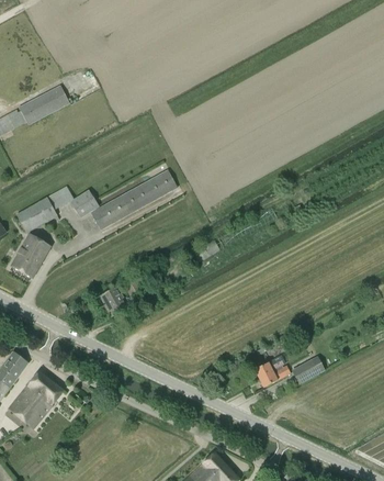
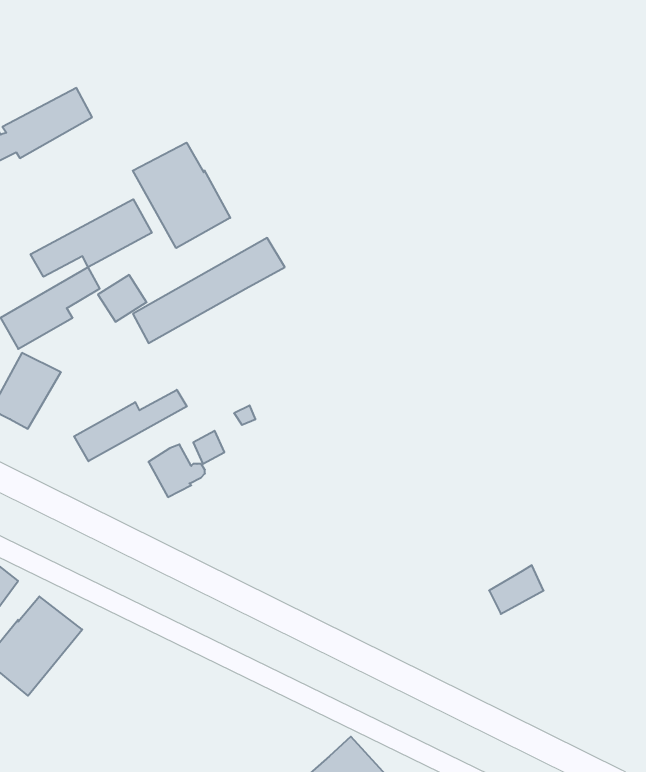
building: none -> [133,143,230,248]
building: none -> [31,199,152,277]
building: none -> [74,390,187,461]
building: [255,354,291,385] -> none

